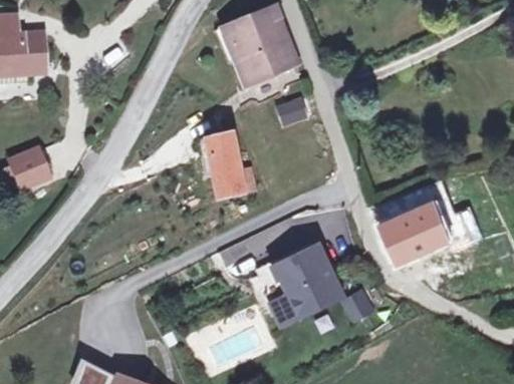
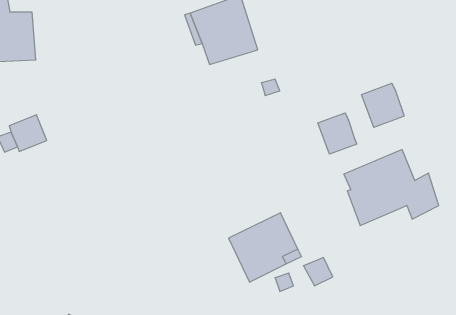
building: none -> [361,83,404,127]
building: [202,133,259,195] -> none
building: none -> [318,113,357,154]

